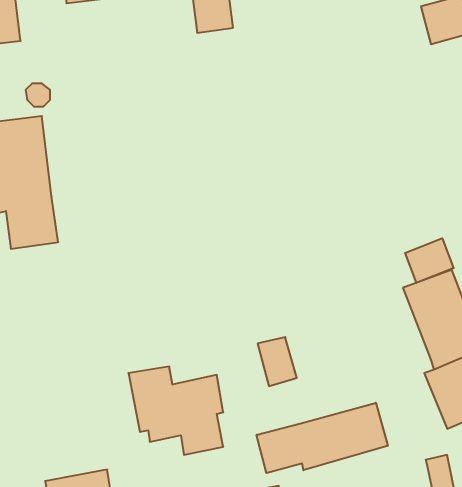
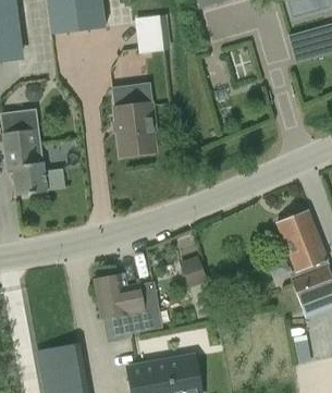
building: none -> [111,81,156,156]
building: [405,238,454,283] -> none
building: [257,403,388,473] -> none

